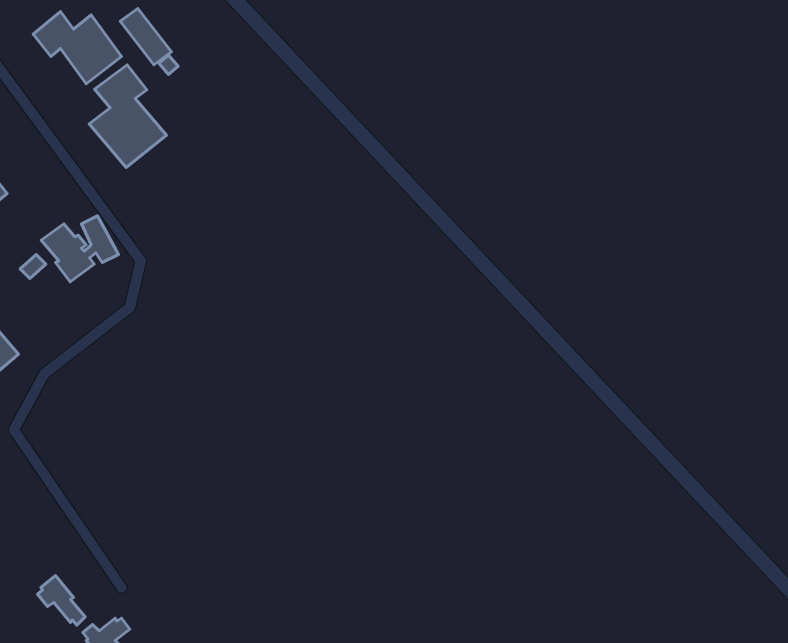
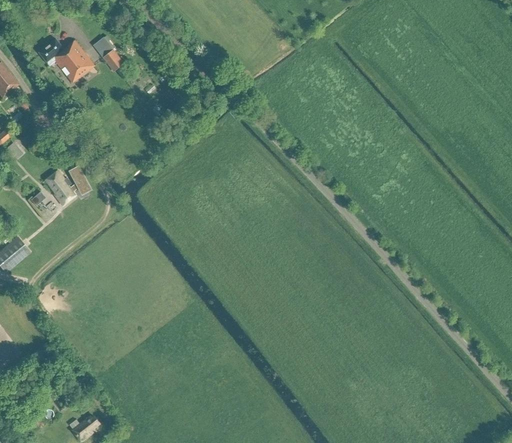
building: [89,65,167,168] -> none
building: [38,575,85,625] -> none

